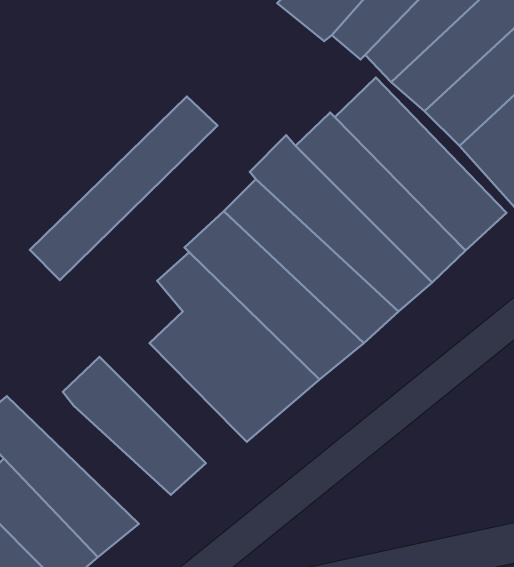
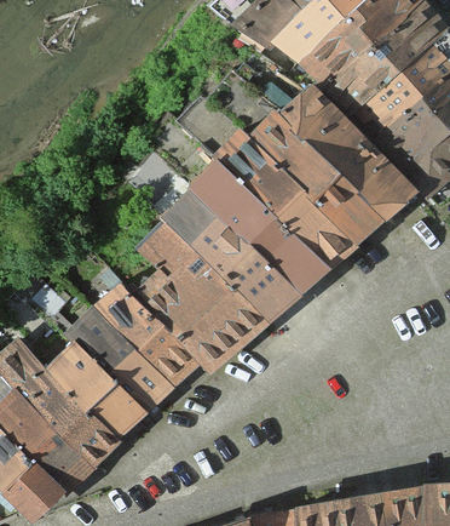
building: [30,96,217,280] -> none
building: none -> [92,282,201,388]
building: none -> [48,344,149,439]

